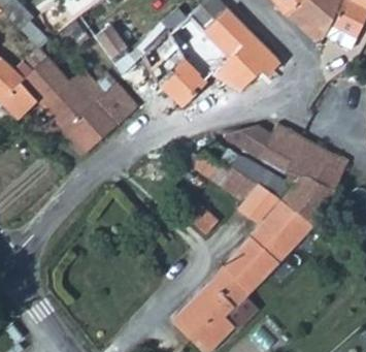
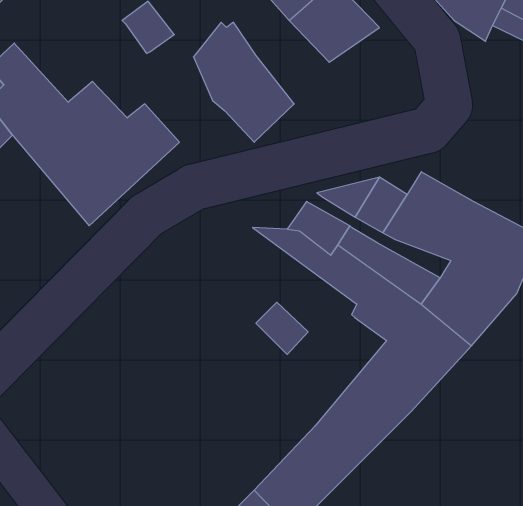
building: [213,37,279,89] -> none

